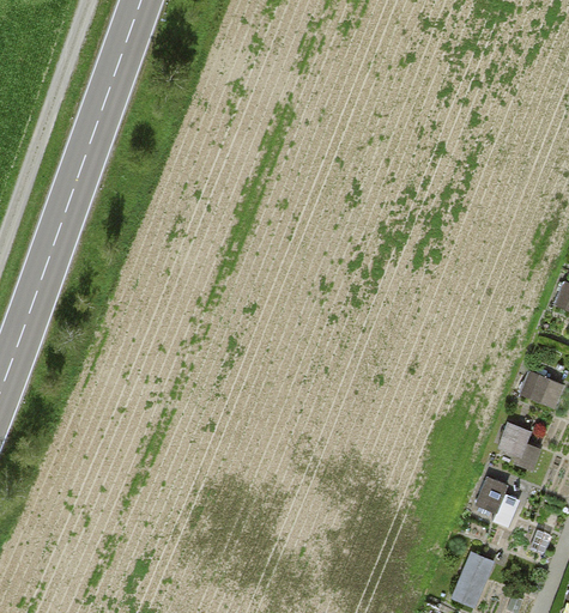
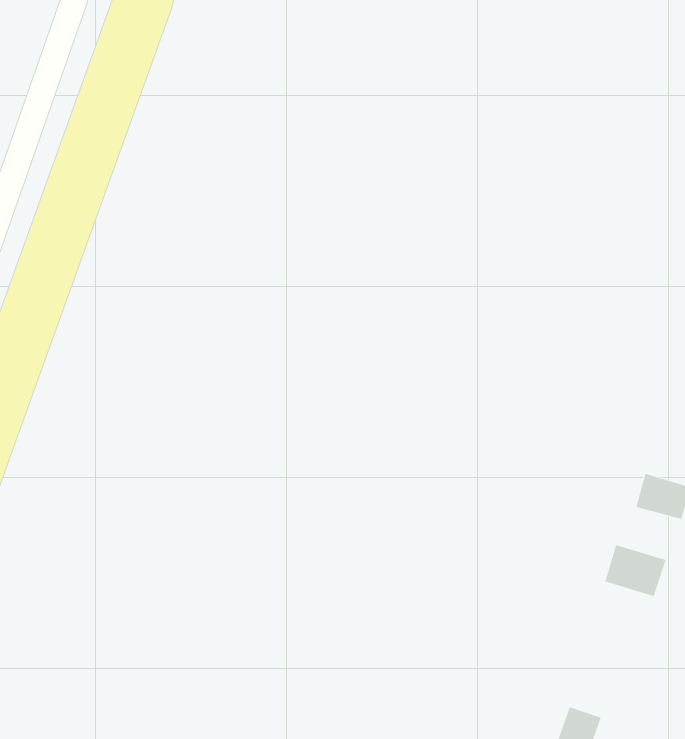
building: [476,479,521,522] -> none

